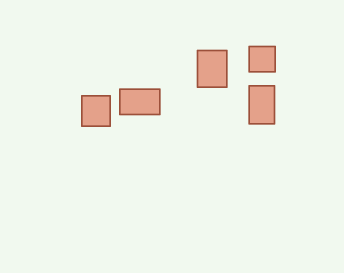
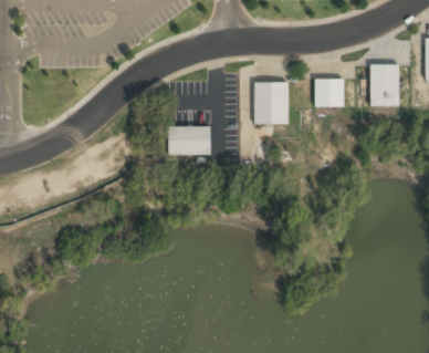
building: [249,86,274,124] -> [368,63,397,106]
building: [82,96,110,126] -> none

